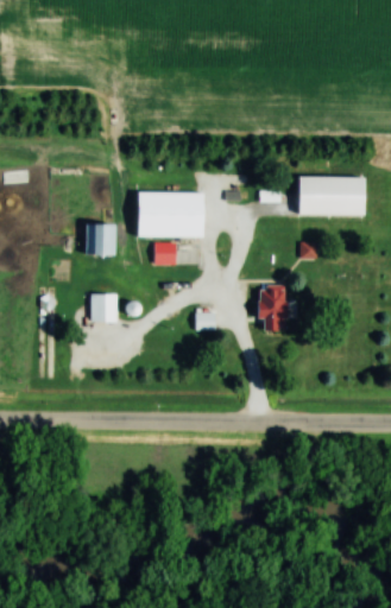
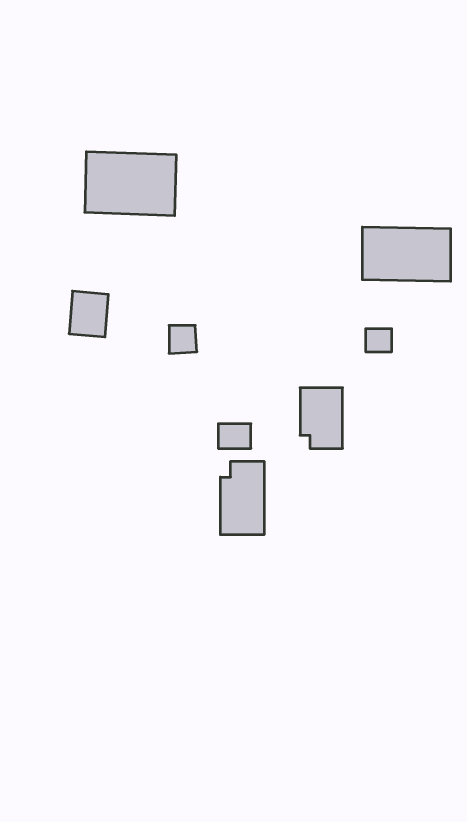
building: [138,191,204,238] -> [85,152,176,216]
building: [94,297,120,321] -> none
building: none -> [220,461,264,535]

